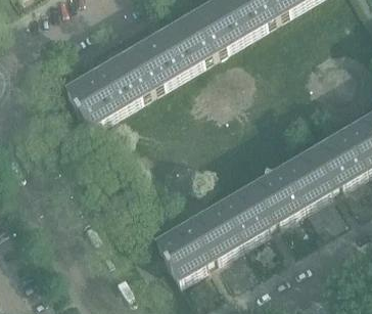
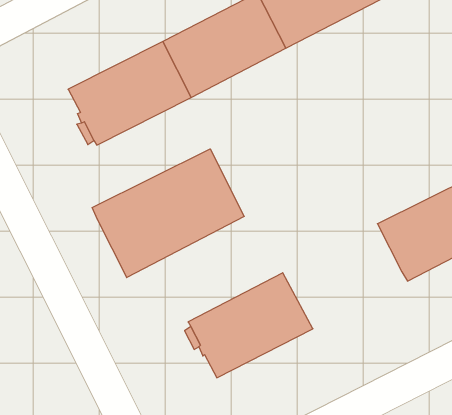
building: none -> [92,149,244,278]
building: [221,166,306,239] -> none

